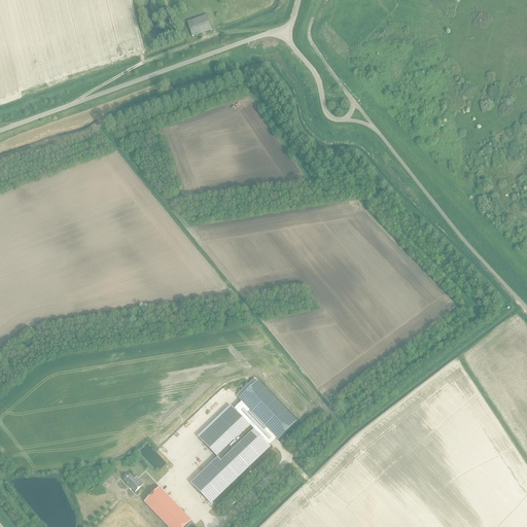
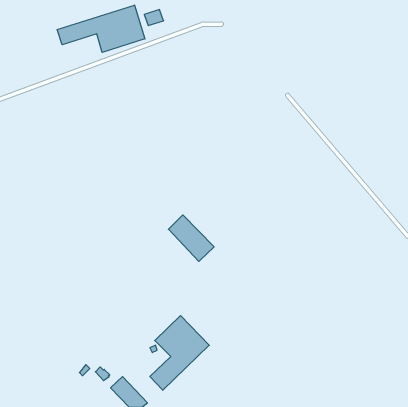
building: none -> [57,5,145,52]
building: [237,377,295,436] -> [168,215,214,261]

